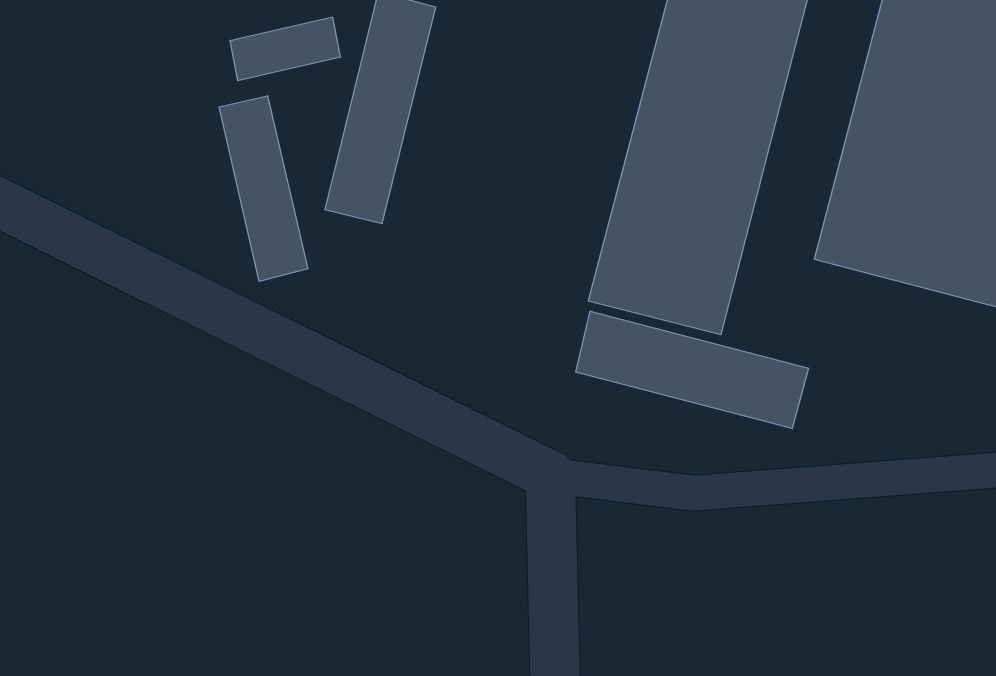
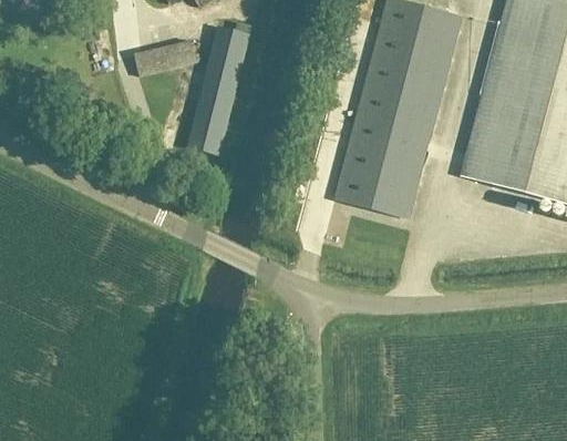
building: [219,96,308,281] -> none
building: [576,311,808,429] -> none

